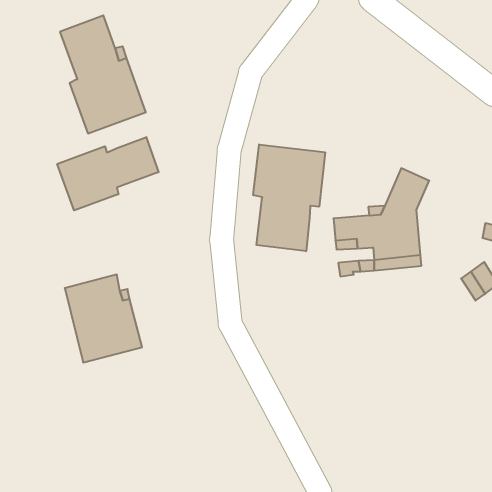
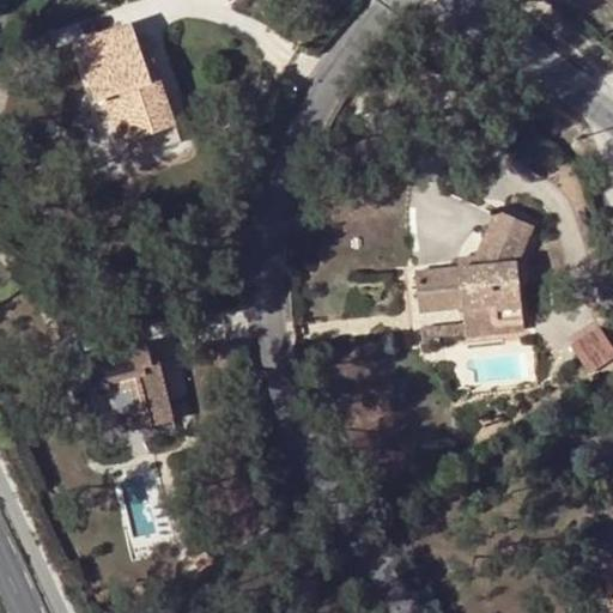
building: [57,137,159,210] -> none
building: [253,144,325,251] -> none

